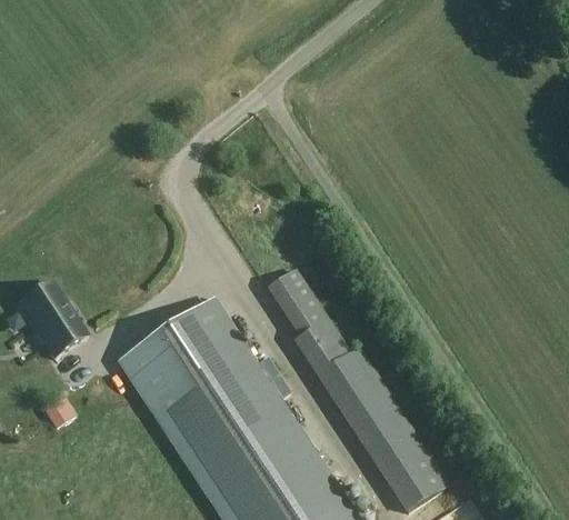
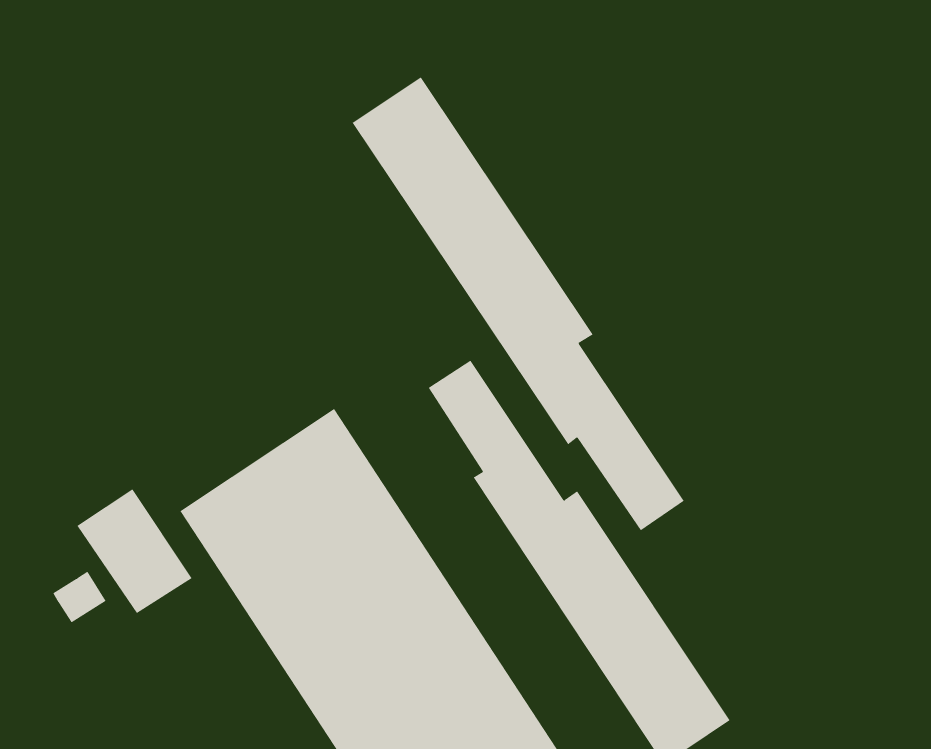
building: none -> [352,76,684,531]
building: [18,280,87,354] -> [77,489,192,614]

